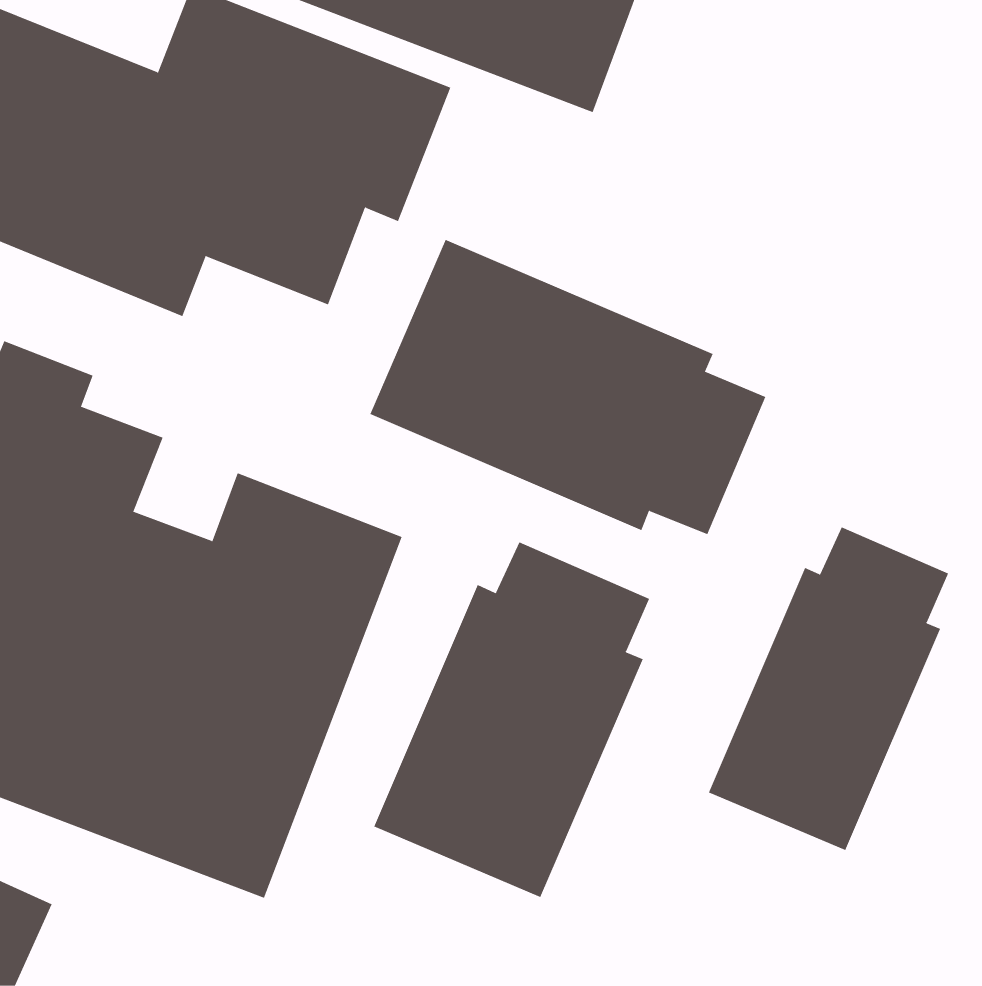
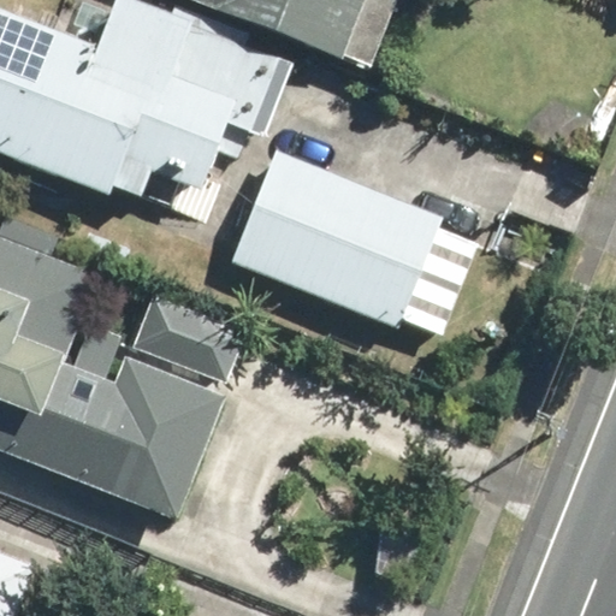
building: [708,526,949,851] -> none
building: [373,542,650,898] -> none

